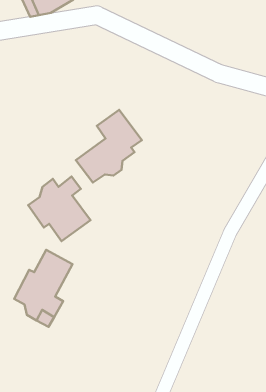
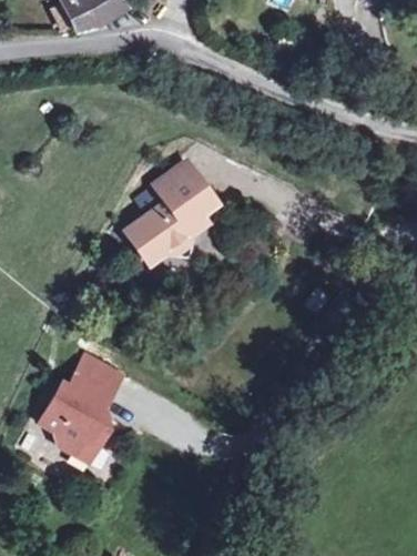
building: [28,176,90,241] -> none

